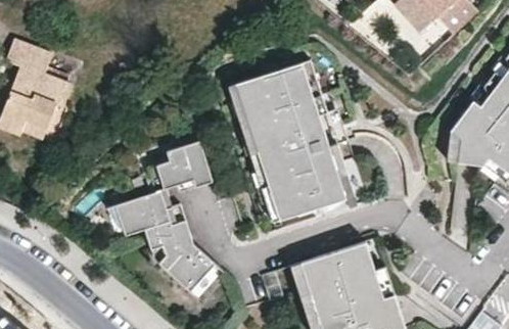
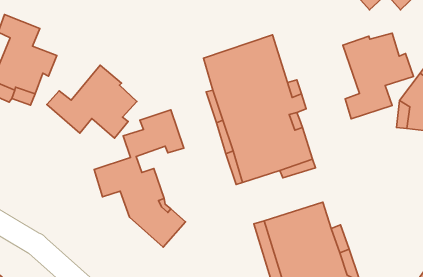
building: none -> [343,33,413,119]
building: none -> [47,65,137,138]

